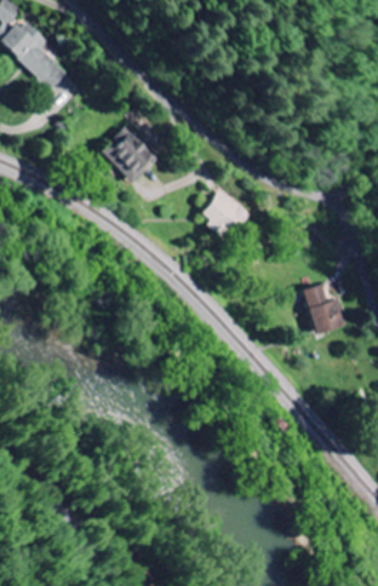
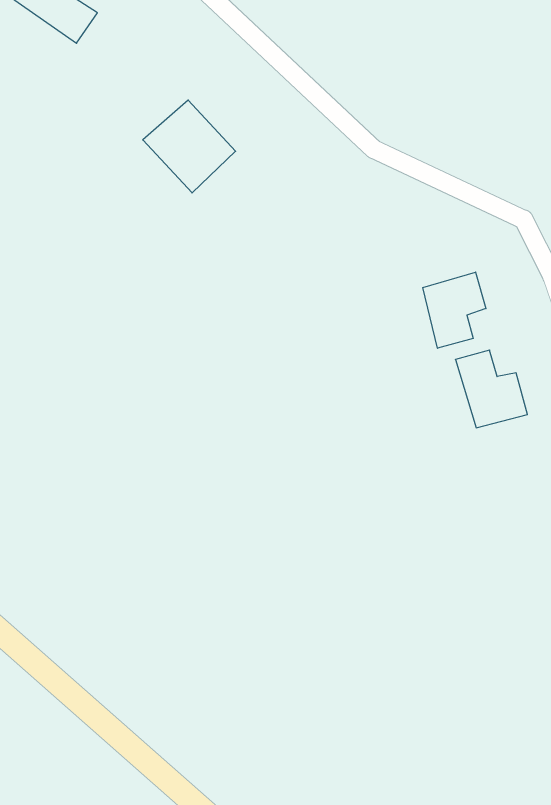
building: [202,188,252,241] -> none
building: none -> [423,272,486,348]

